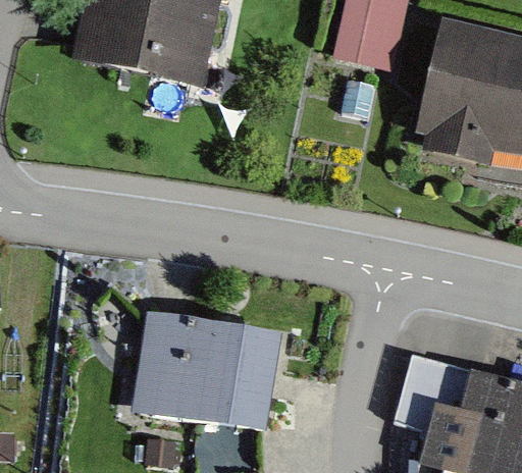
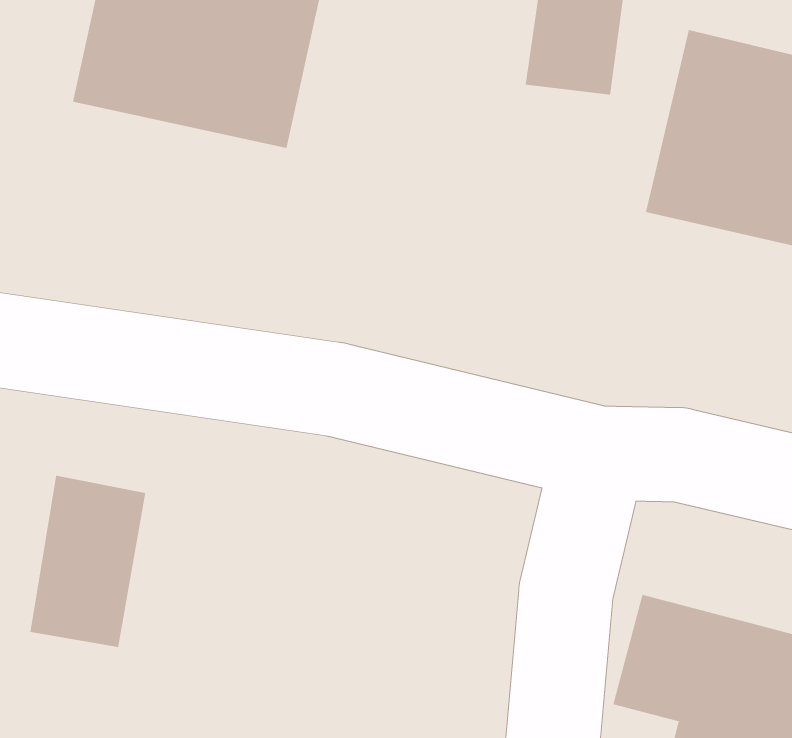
building: none -> [30,475,146,648]
building: [130,313,279,433] -> none

